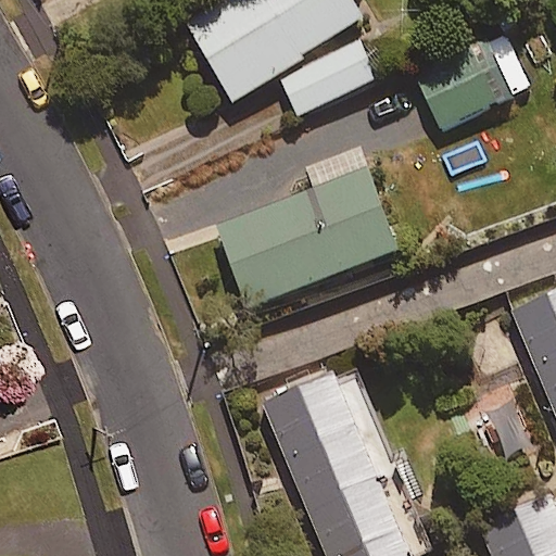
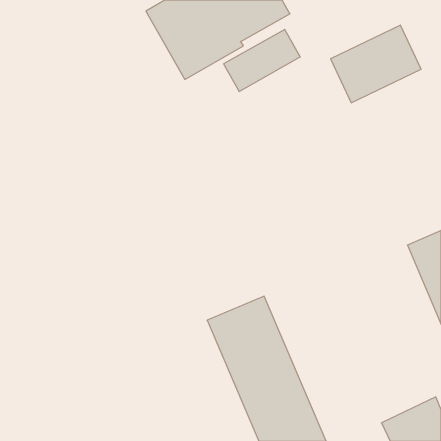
building: [220,167,397,306] -> none

